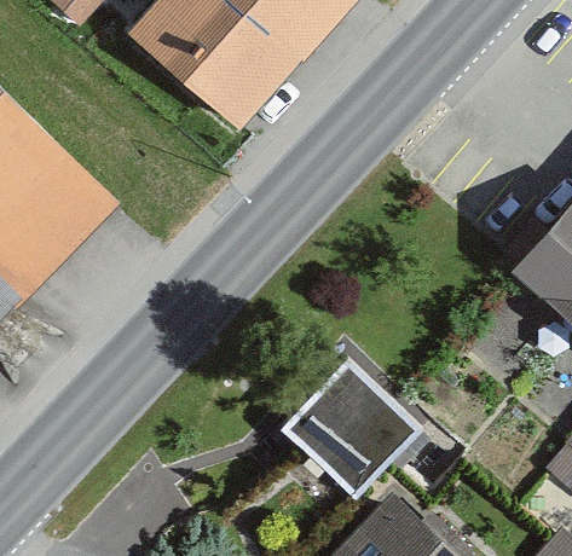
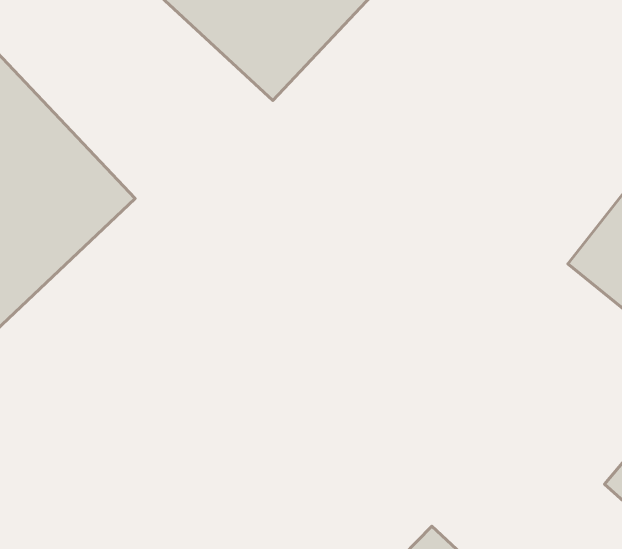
building: [277,366,414,502] -> none

